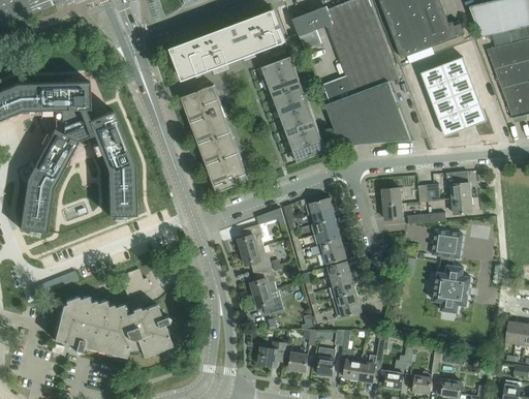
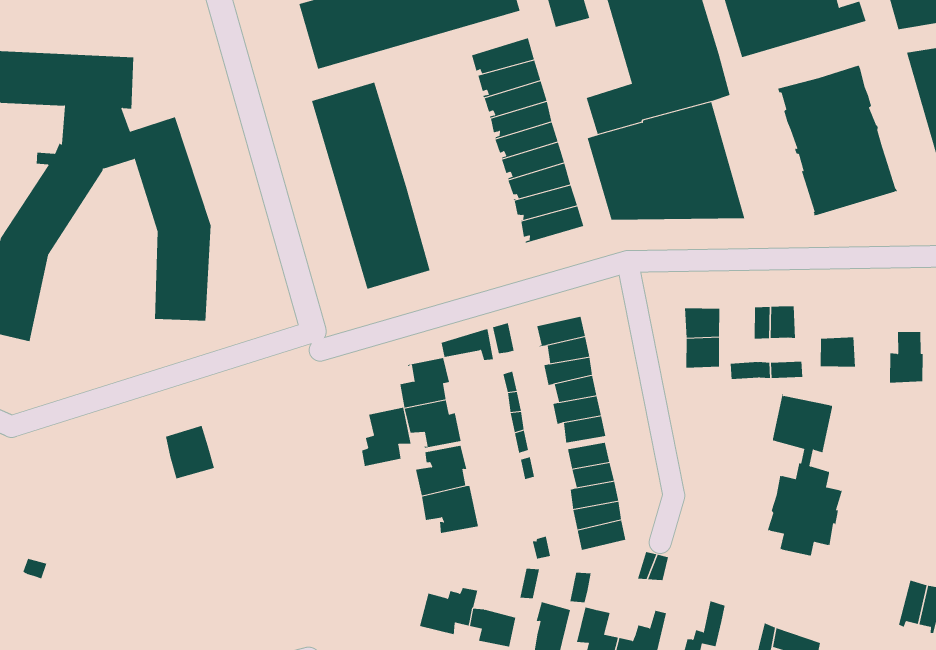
building: [452,172,470,199] -> [889,331,923,383]
building: none -> [362,407,411,467]
building: [54,296,170,357] -> none

